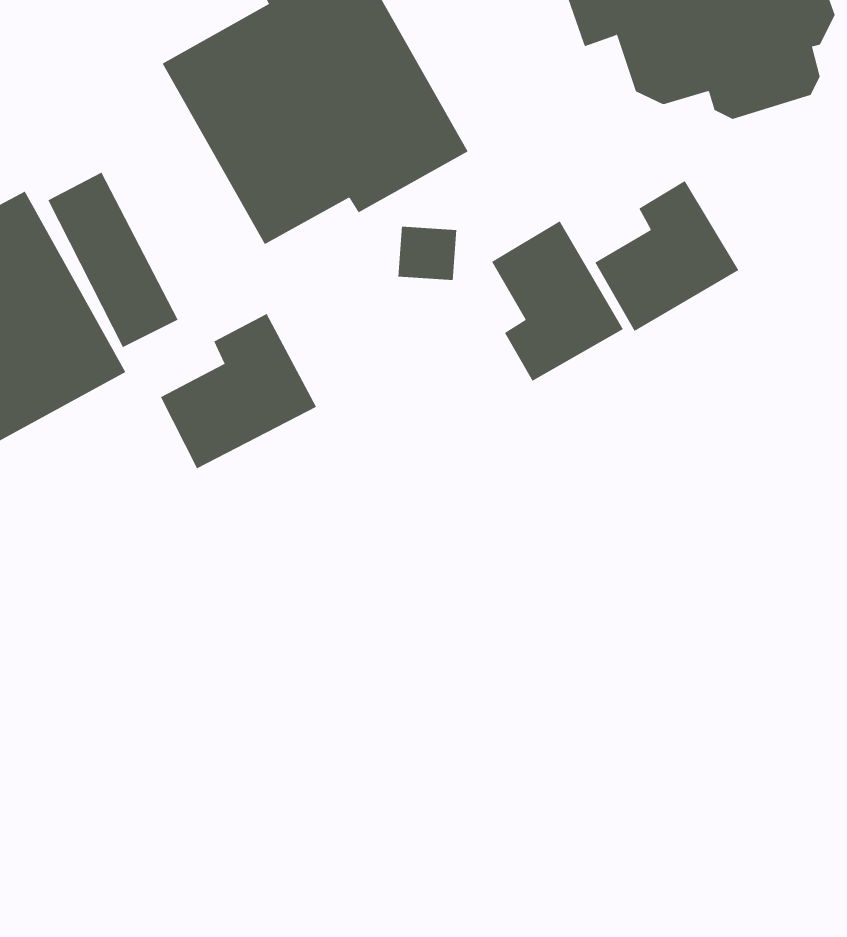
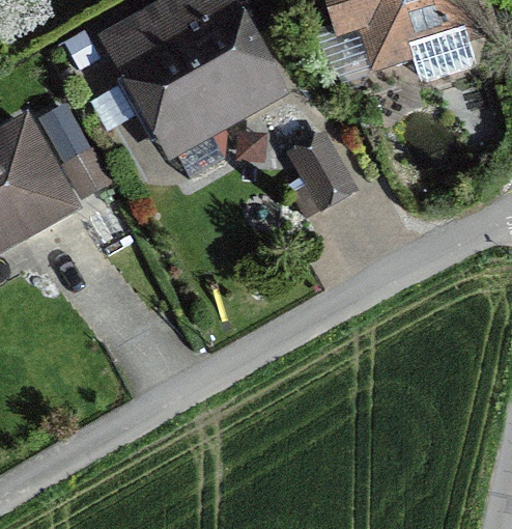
building: [594,180,739,332] -> none
building: [160,313,317,469] -> none

